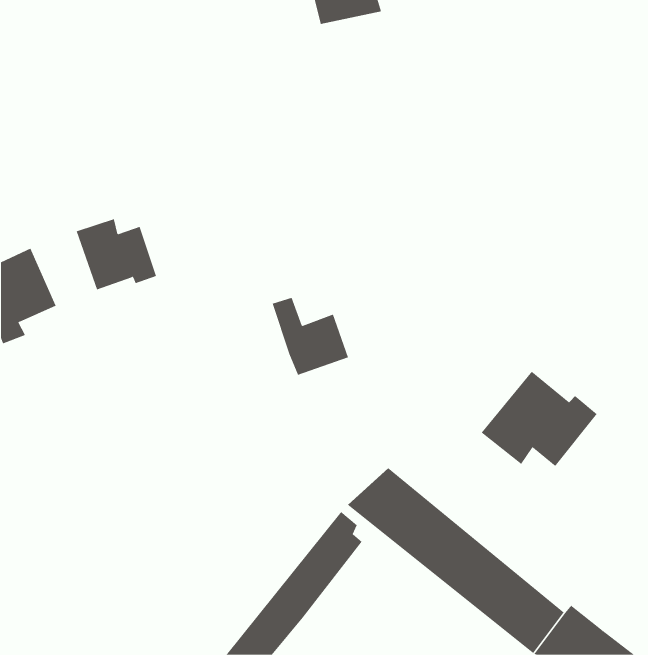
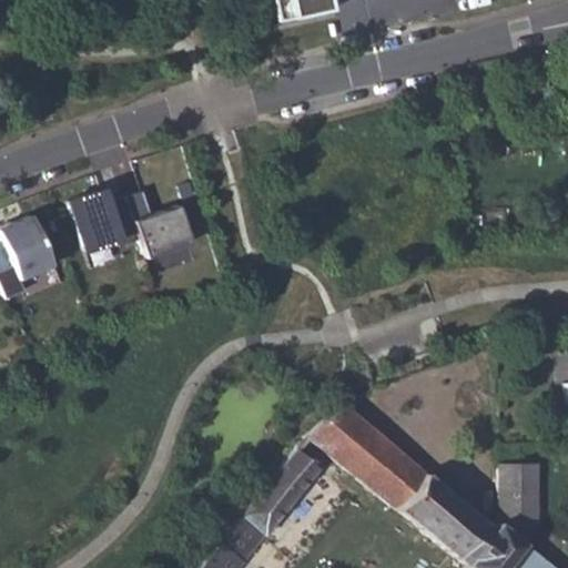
building: [272,297,349,376] -> [129,190,195,257]
building: [481,371,598,467] -> none
building: none -> [500,463,541,545]

